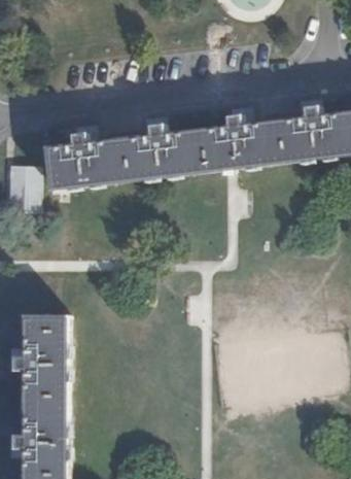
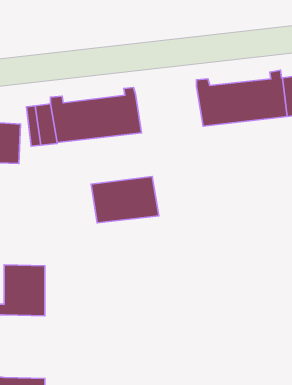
building: [163,125,235,174] -> [91,176,159,223]
building: [23,369,66,437] -> none

